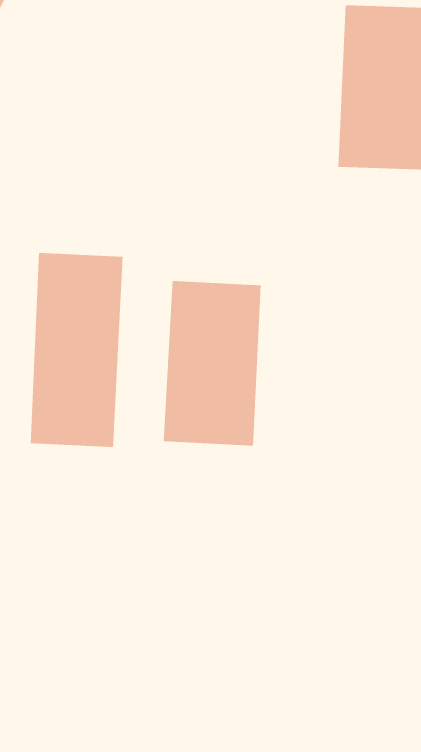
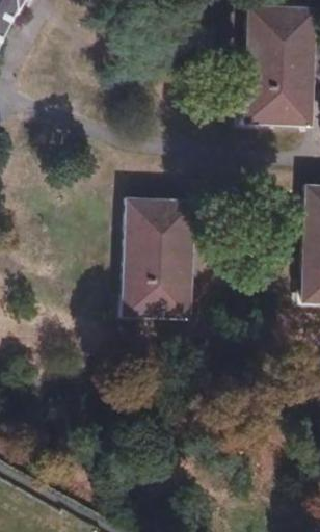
building: [30,252,123,448] -> none

